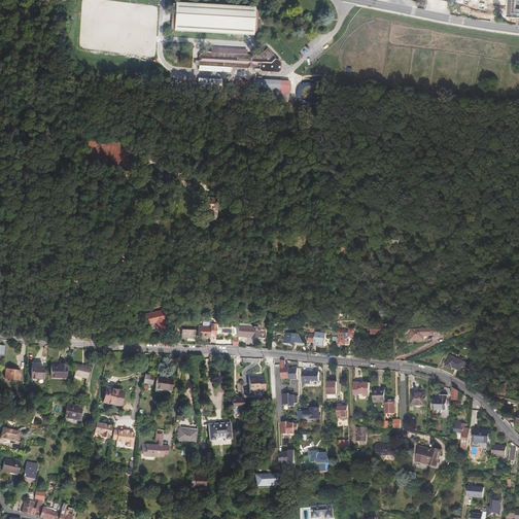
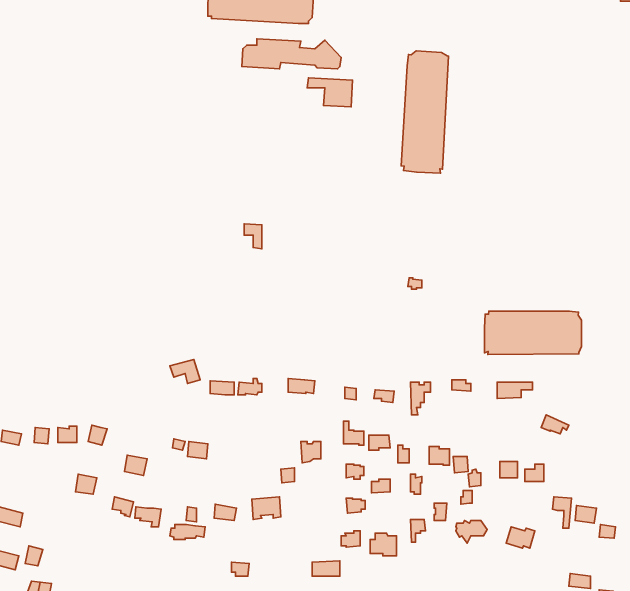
building: none -> [401,51,448,173]
building: none -> [484,311,582,355]

